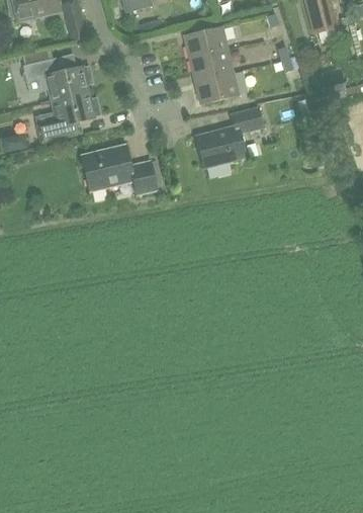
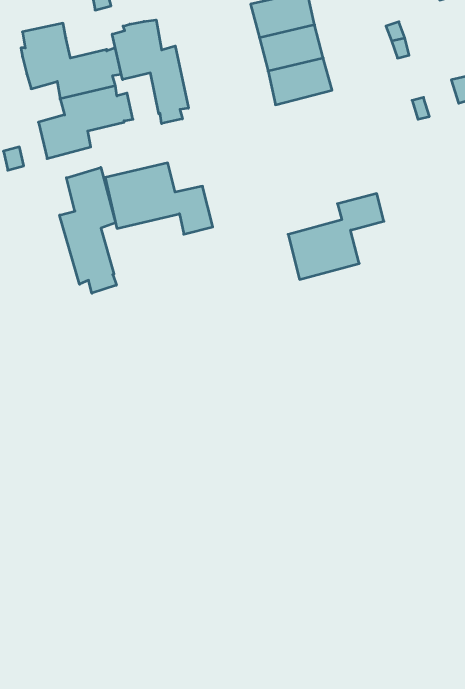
building: none -> [112,20,188,124]
building: [197,106,264,166] -> [288,194,384,279]
building: none -> [60,167,116,293]

